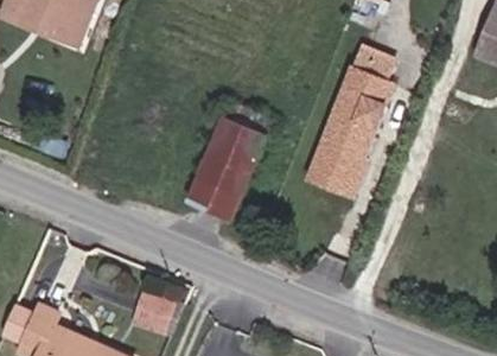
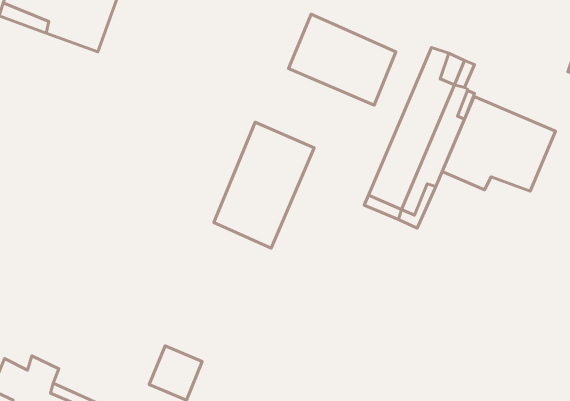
building: none -> [288,14,396,105]
building: none -> [442,96,555,191]

